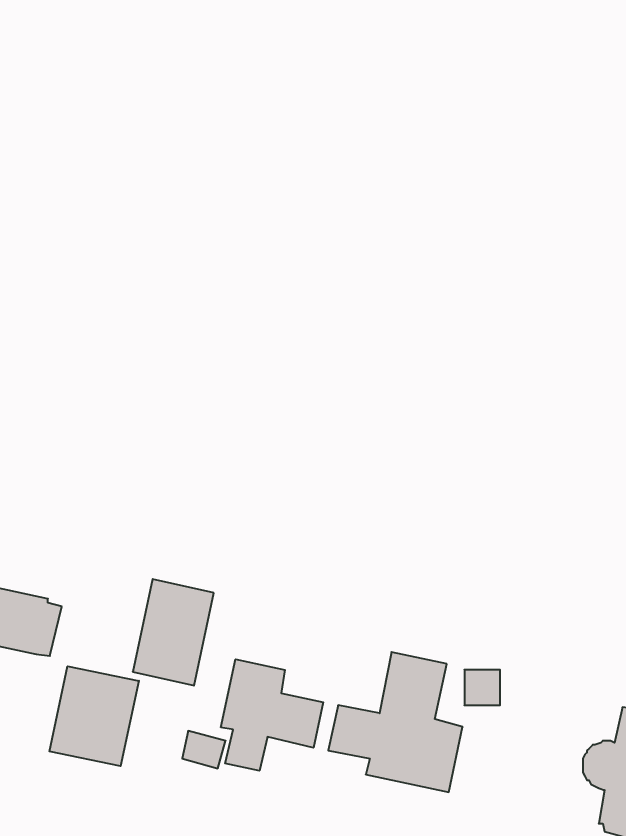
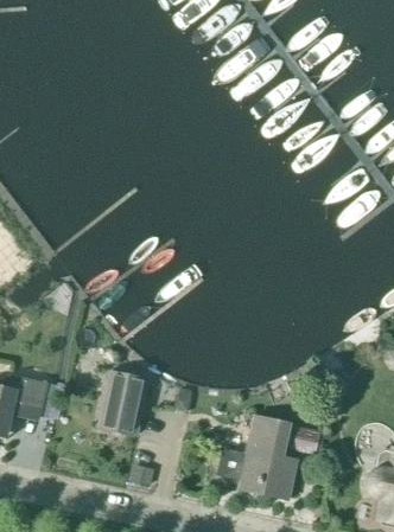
building: [221,659,323,771] -> none
building: [49,666,139,766] -> none

